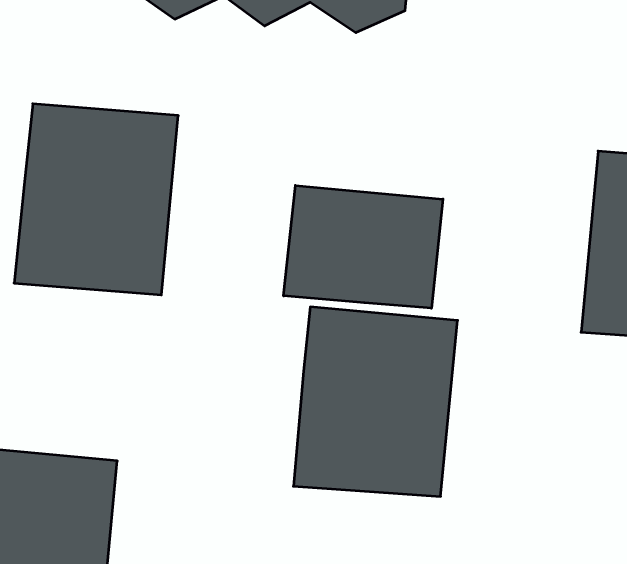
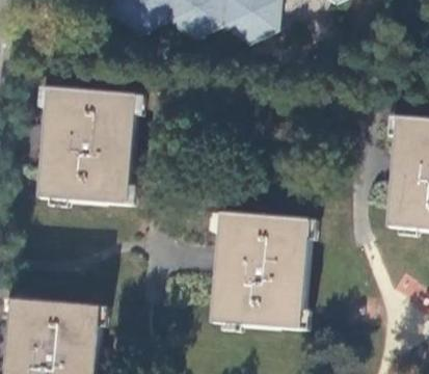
building: [284,185,443,308] -> none

